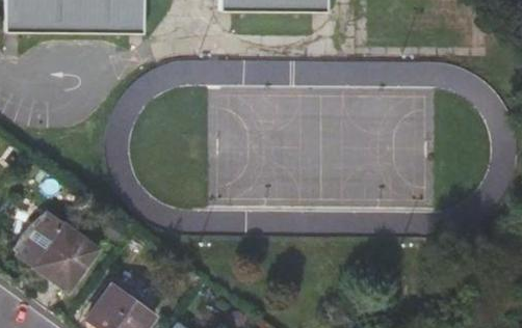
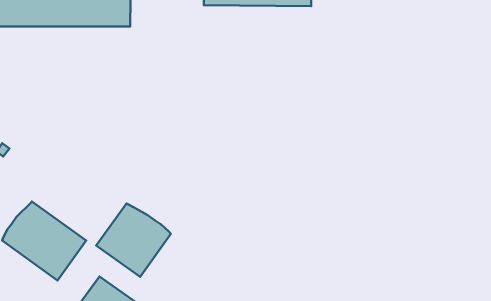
building: none -> [96,203,171,277]

